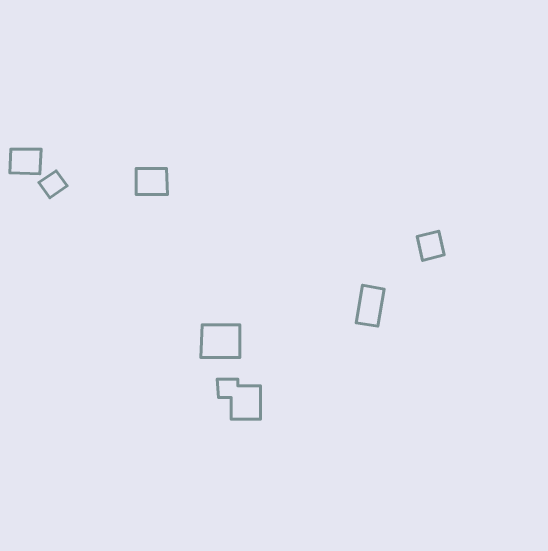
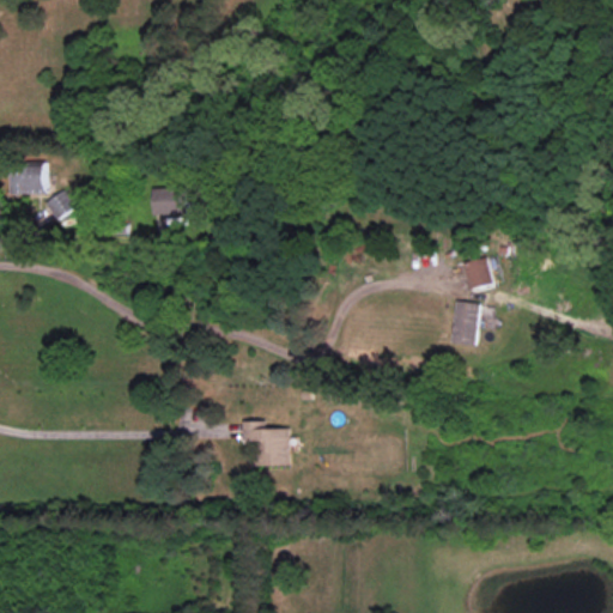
building: [356,285,384,326] -> [449,301,480,346]
building: [201,325,240,357] -> none

